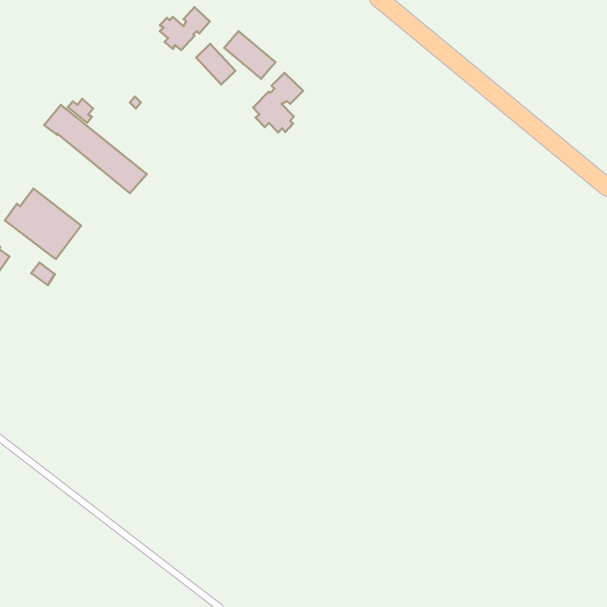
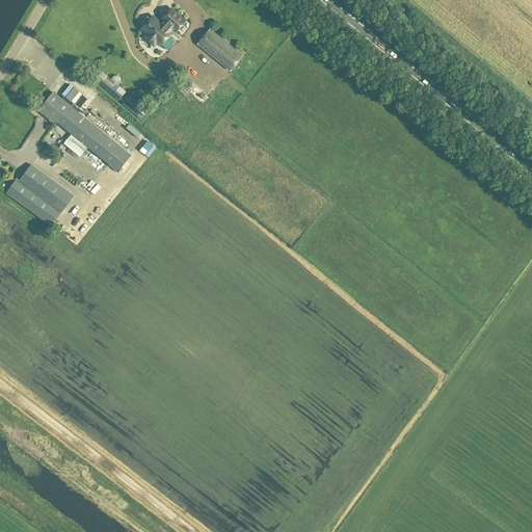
building: [196,44,236,84] -> none
building: [253,73,303,132] -> none

